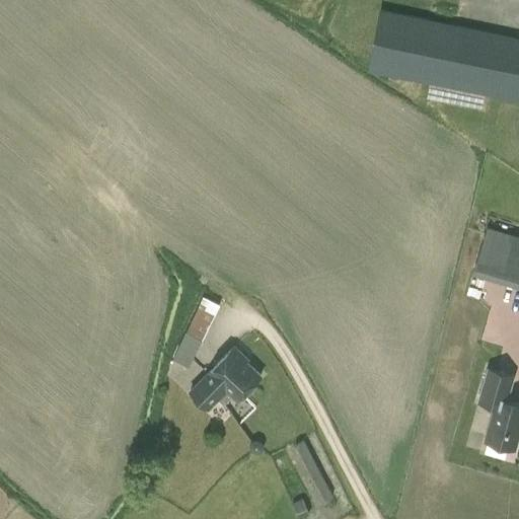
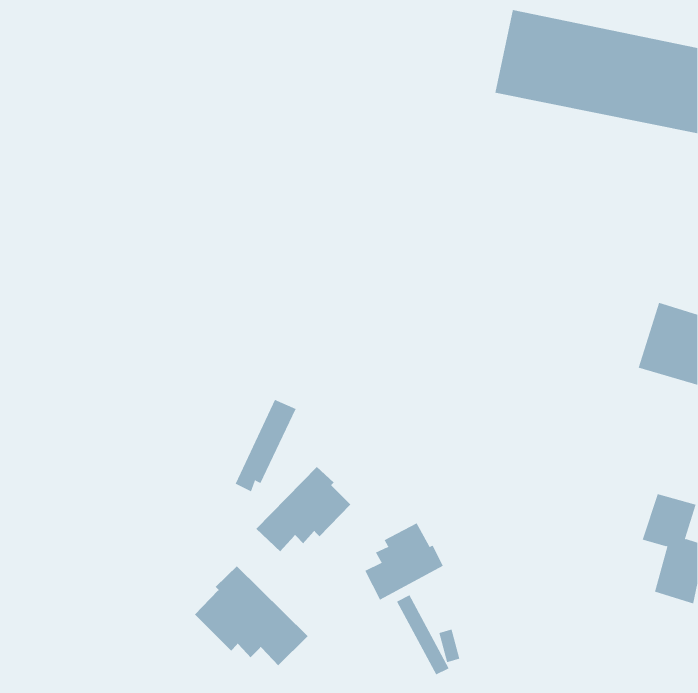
building: none -> [364,523,444,601]
building: none -> [194,566,309,666]

